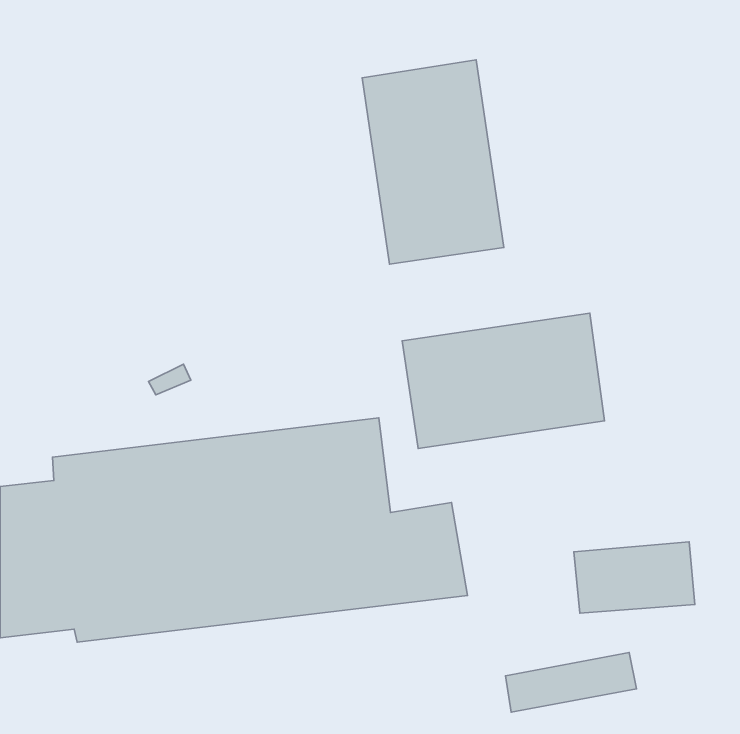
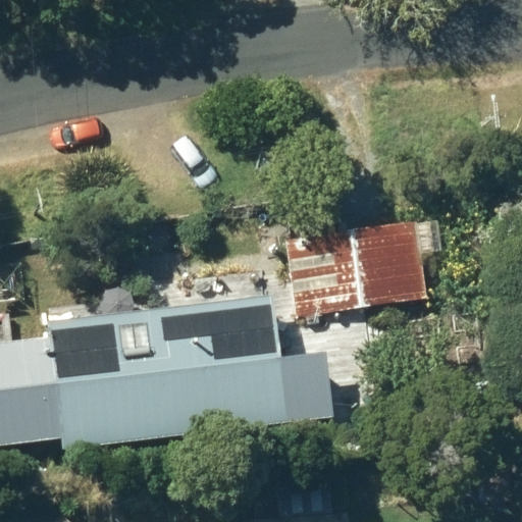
building: [362,60,504,264] -> none

